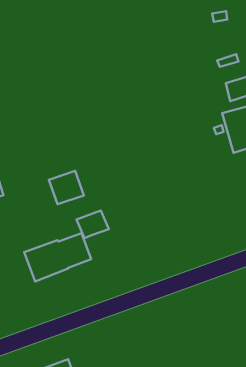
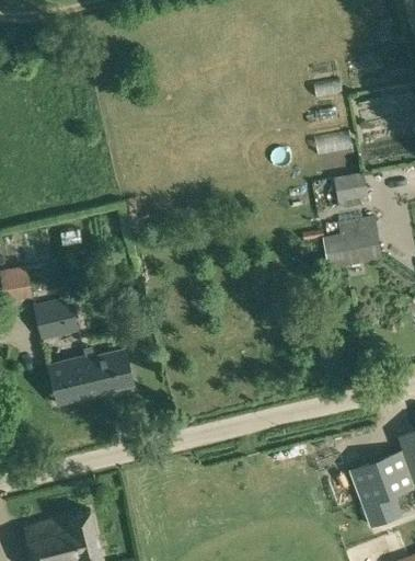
building: [49,171,84,204] -> [35,300,78,341]
building: [76,210,109,238] -> none

